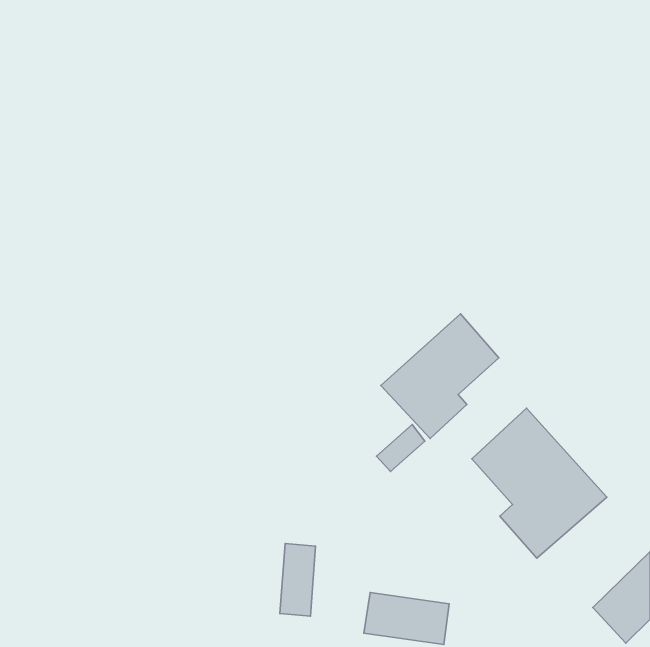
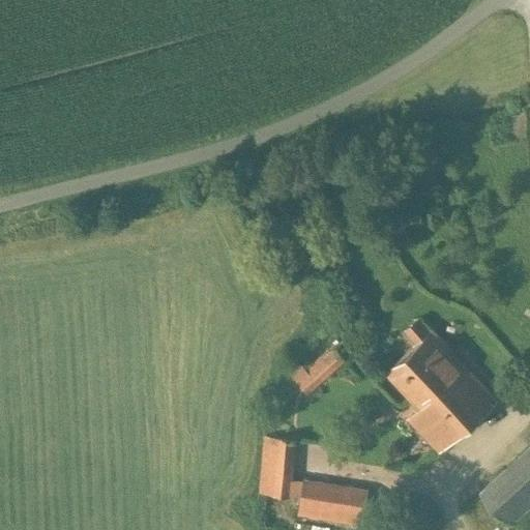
building: [381,314,499,438] -> none
building: [280,544,316,616] -> [264,438,293,497]

